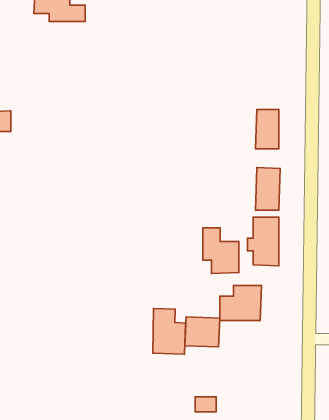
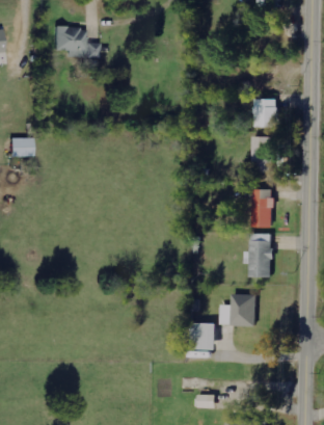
building: none -> [252,98,277,126]
building: [203,228,239,274] -> none
building: [153,308,186,354] -> none

